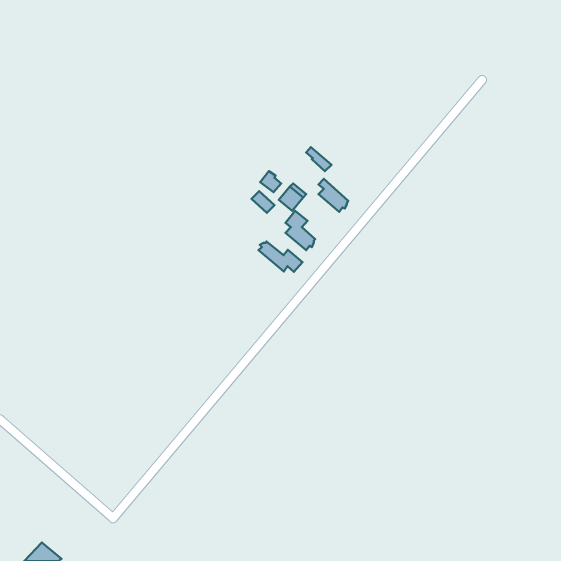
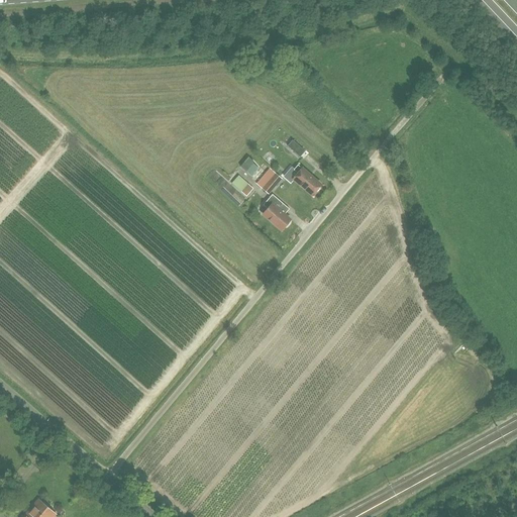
building: [259,242,302,272] -> none

